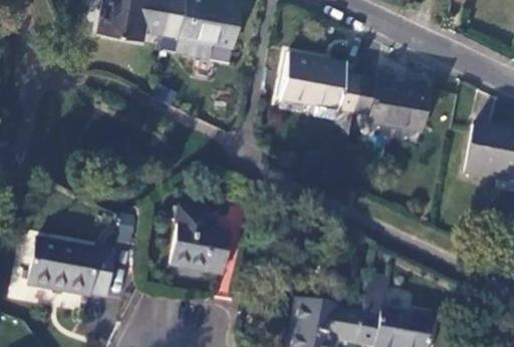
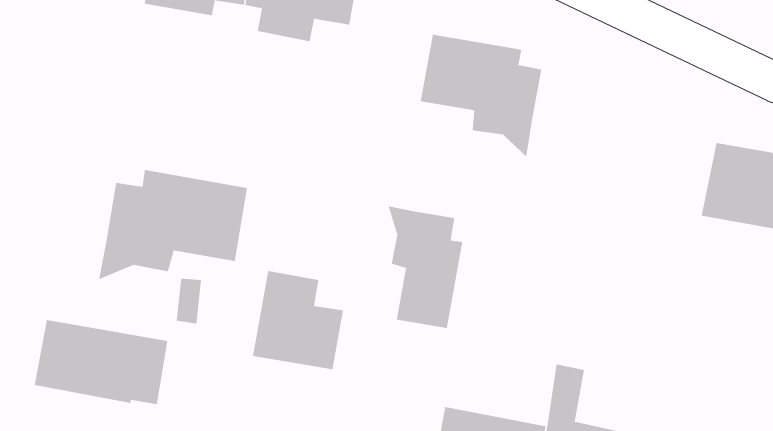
building: [354,78,430,130] -> none
building: none -> [99,169,248,280]
building: none -> [388,206,463,329]

